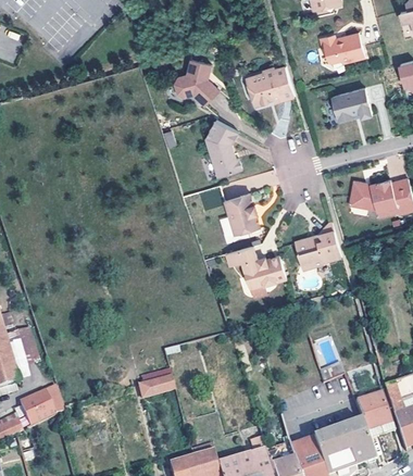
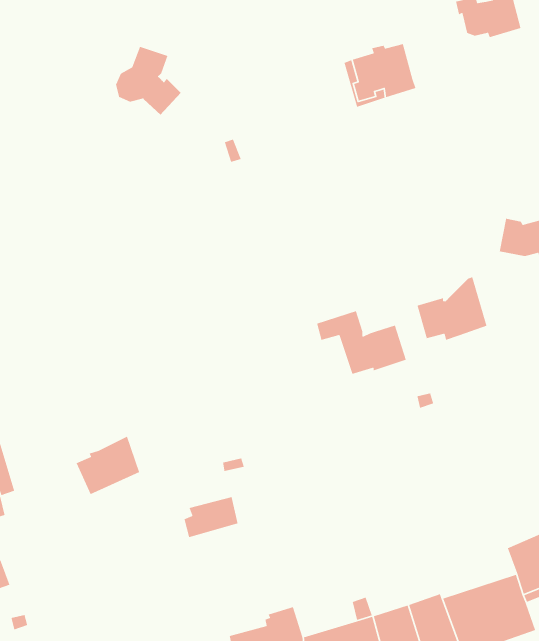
building: [174,58,218,104] -> [115,46,182,115]
building: [330,88,371,121] -> none
building: [204,120,240,178] -> none
building: [224,193,259,235] -> none
building: [20,389,63,429] -> [76,435,140,495]

